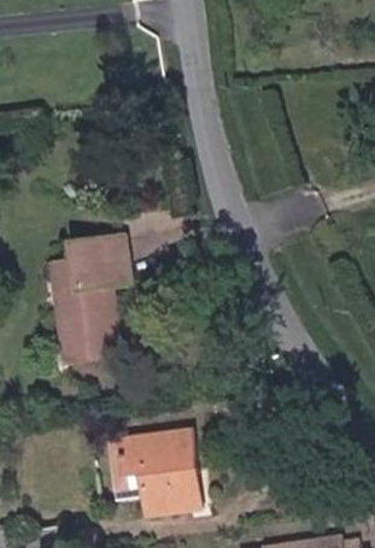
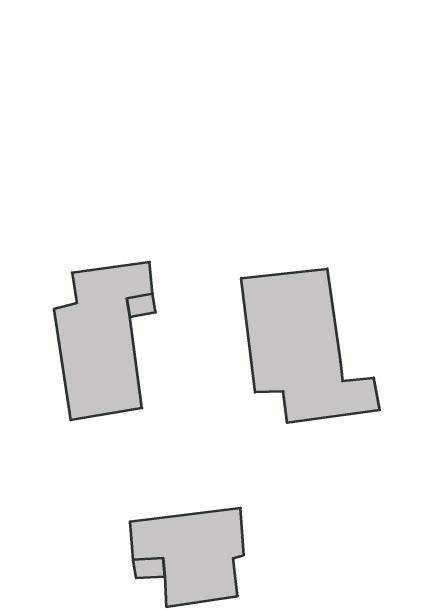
building: none -> [241,269,380,423]

